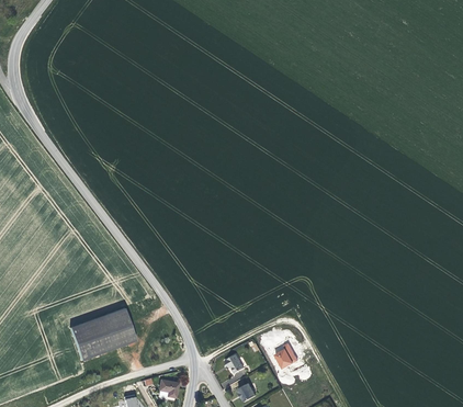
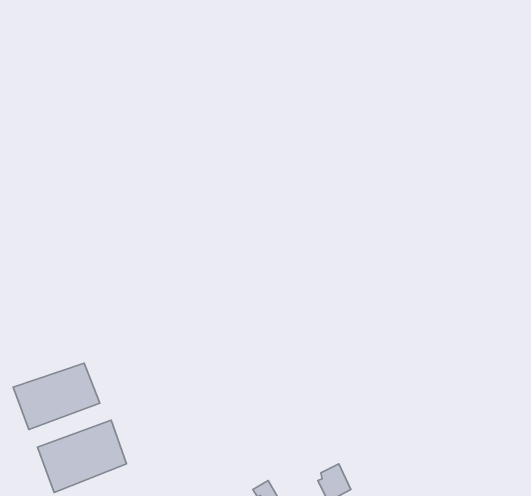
building: none -> [13,363,100,429]

